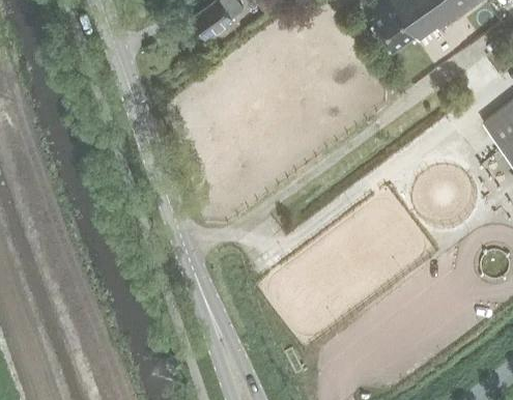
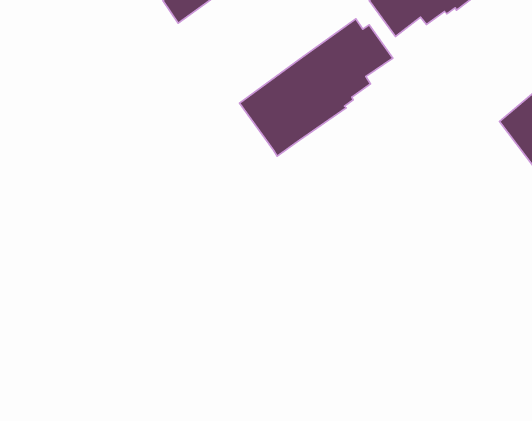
building: none -> [240,19,393,156]

